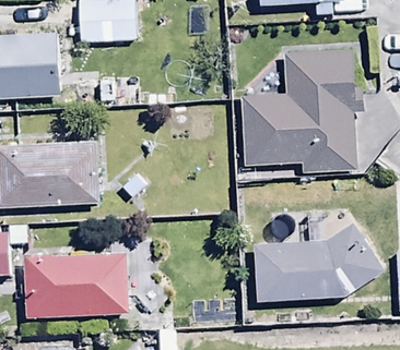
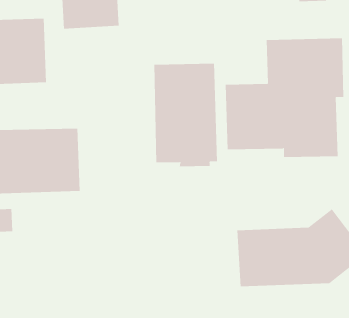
building: none -> [154,63,217,167]
building: [24,255,127,319] -> none

